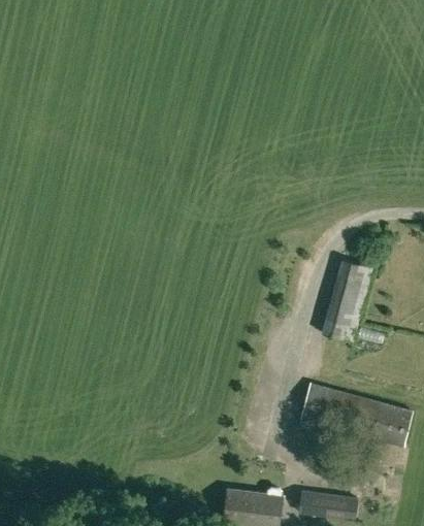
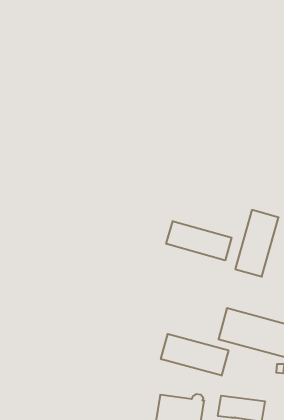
building: none -> [166,221,232,260]
building: none -> [161,334,228,376]

